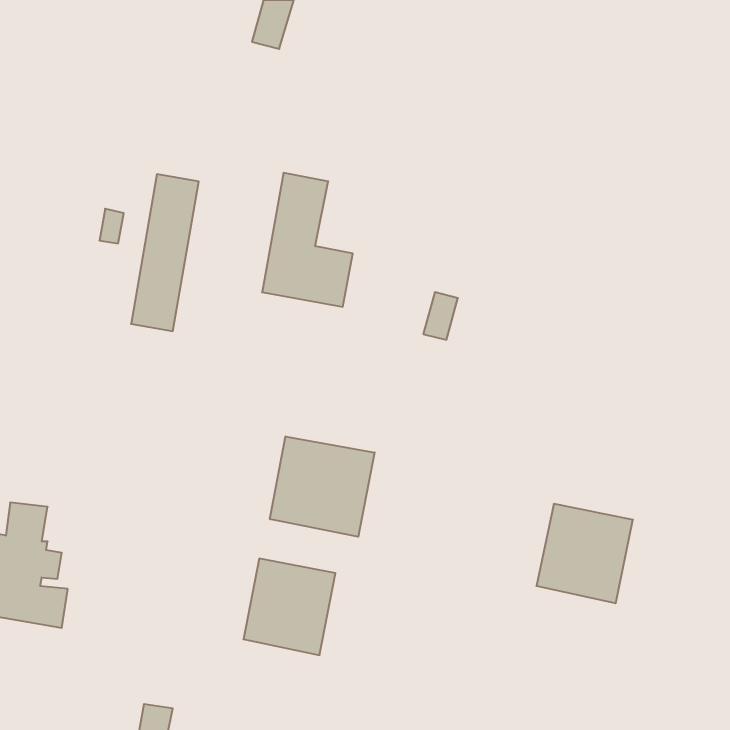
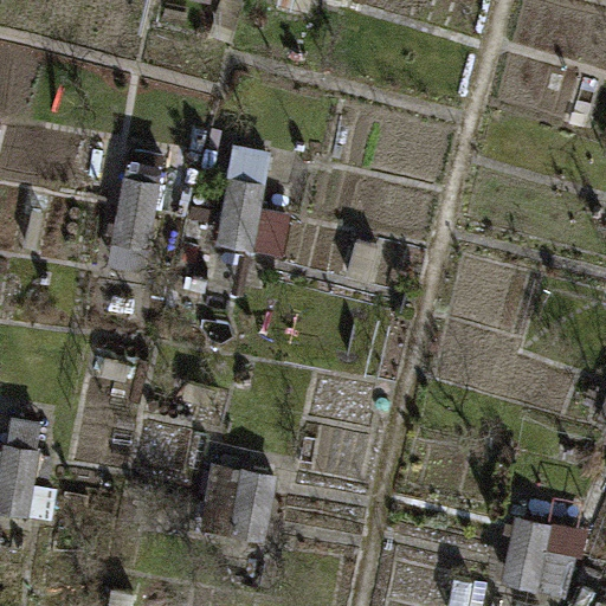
building: [270,436,375,537] -> none
building: [536,504,633,603] -> [498,516,578,598]

